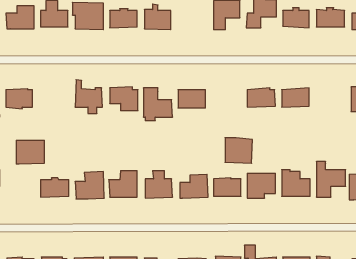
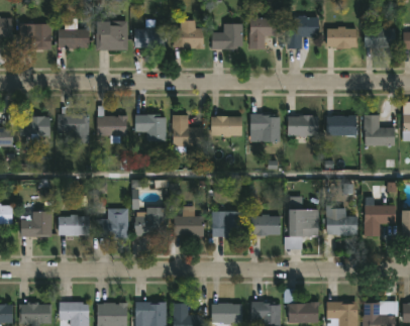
building: none -> [210,23,241,49]
building: none -> [57,114,89,144]
building: none -> [364,115,395,146]
building: [225,138,252,163] -> [250,114,281,142]
building: [16,140,44,164] -> [19,212,50,238]

